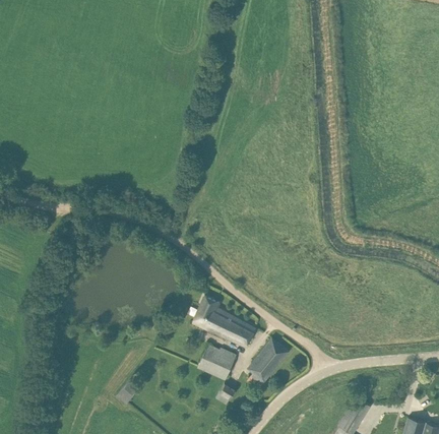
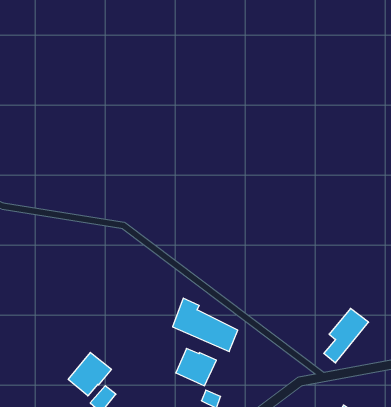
building: [247,337,290,389] -> [324,308,369,363]
building: none -> [68,352,111,396]

